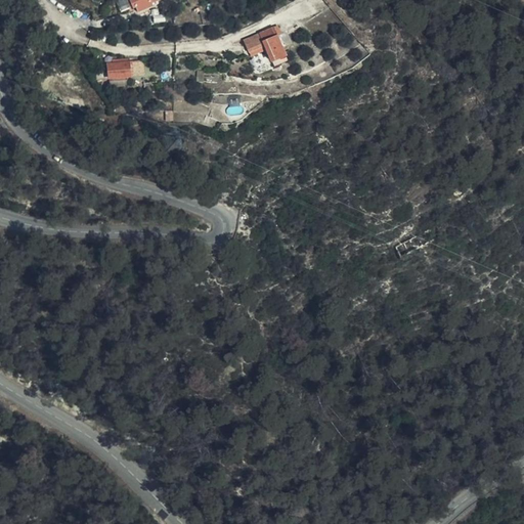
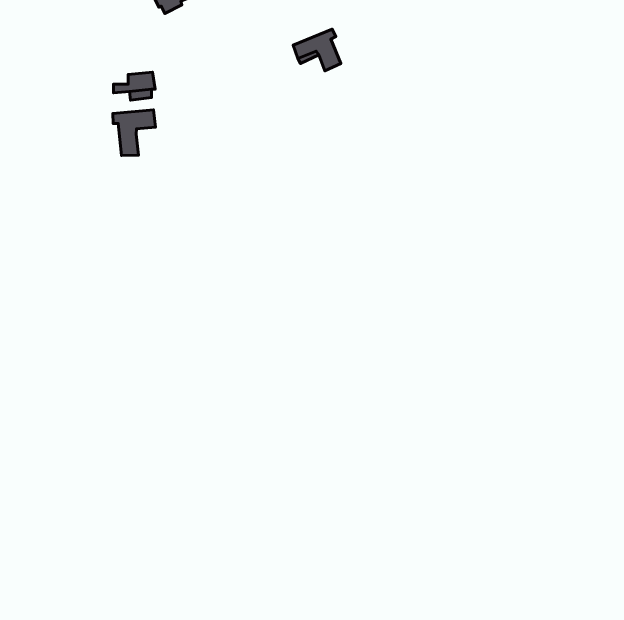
building: none -> [113,110,156,156]

